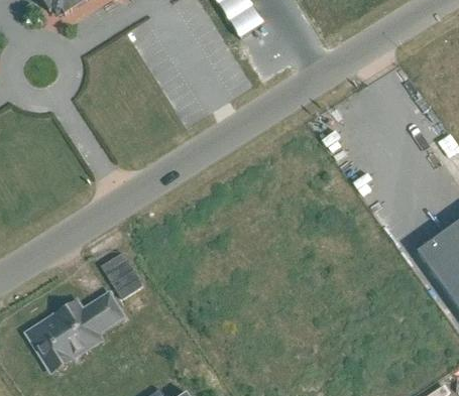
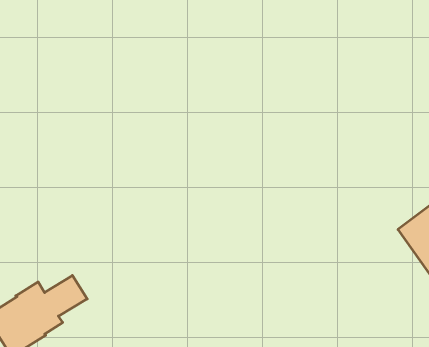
building: [102,253,143,298] -> none

